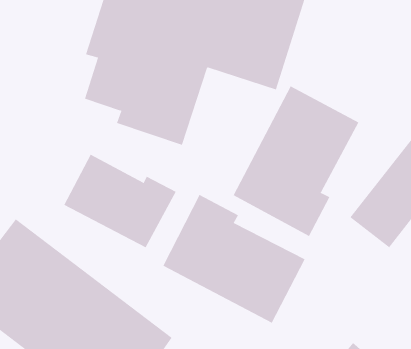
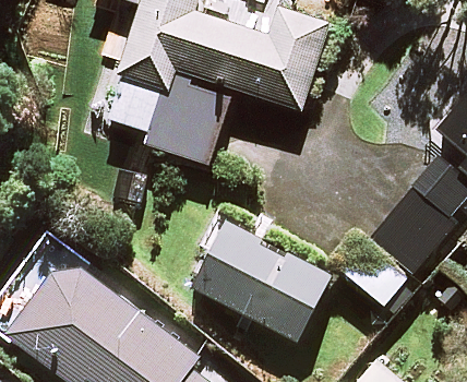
building: [233,86,359,237] -> none
building: [63,154,177,248] -> none

